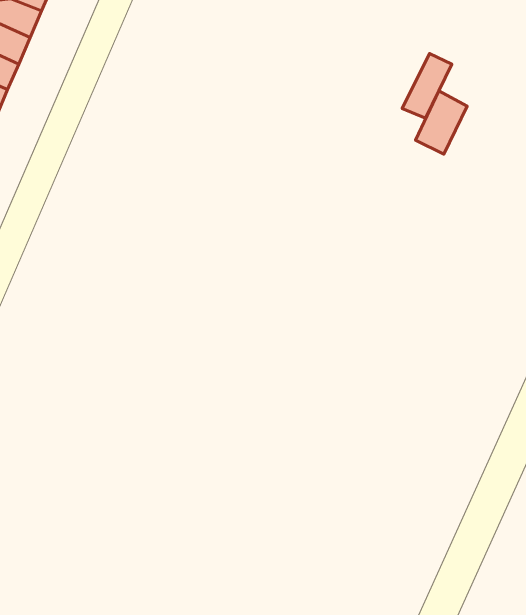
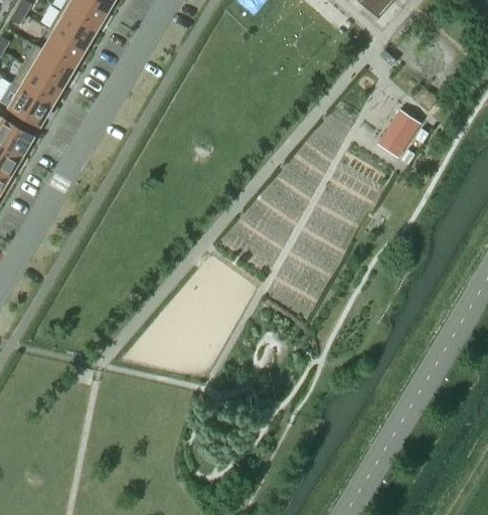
building: [402,53,452,118] -> none

